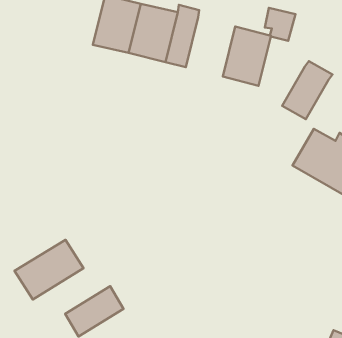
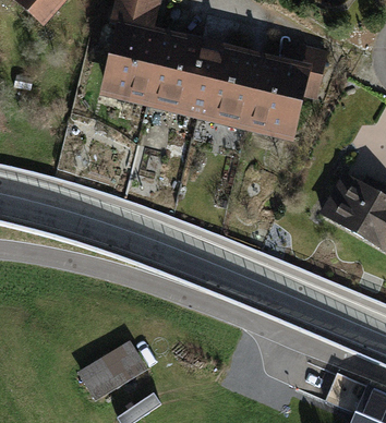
building: none -> [210,57,263,120]
building: [282,61,332,119] -> none
building: [15,240,84,299] -> none

